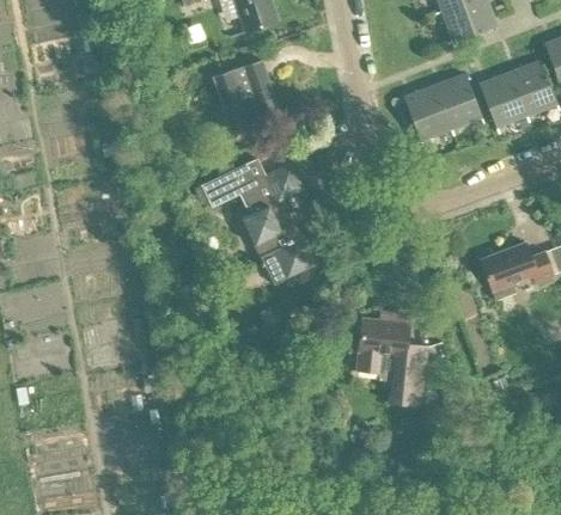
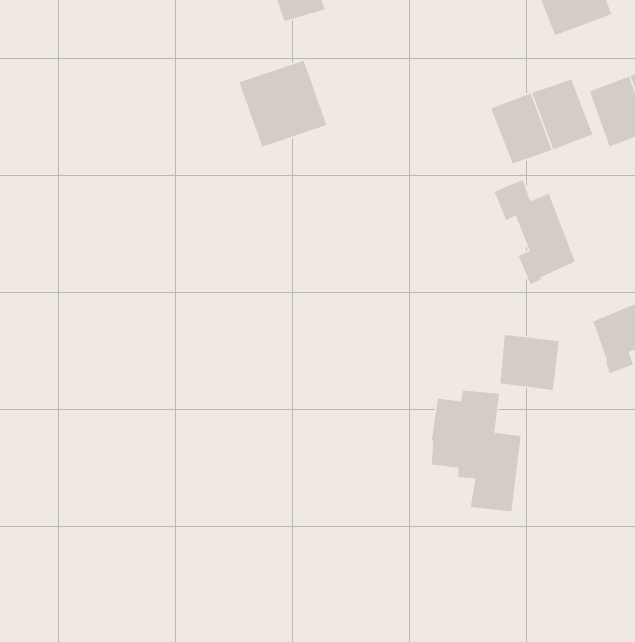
building: none -> [493,179,576,285]
building: [195,158,315,284] -> none
building: none -> [500,334,560,391]

